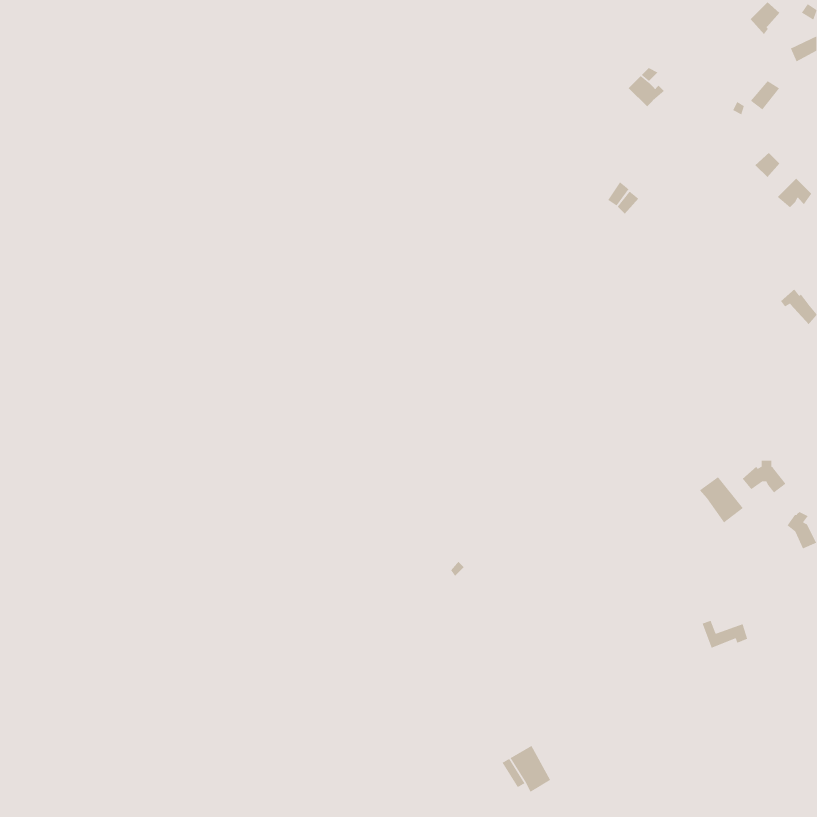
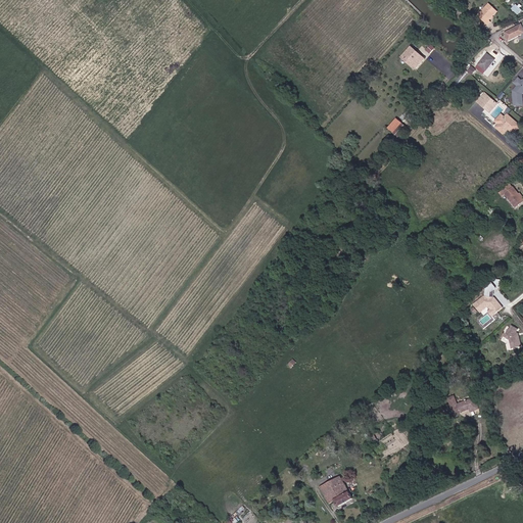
building: [699,476,744,523] -> none

